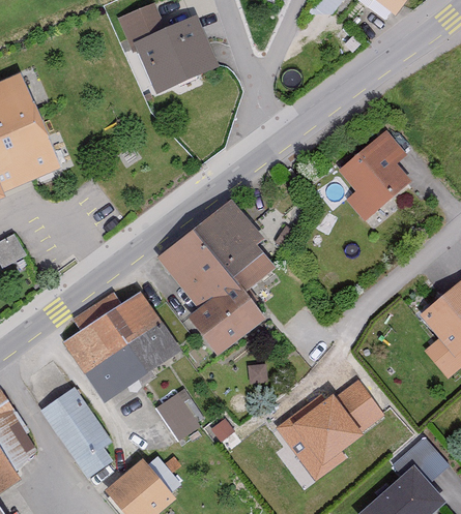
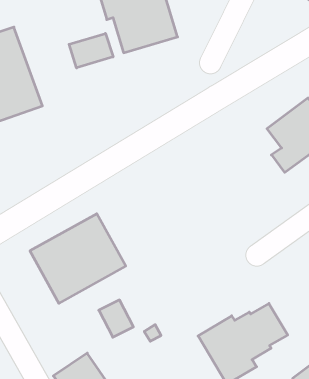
building: none -> [69,33,113,68]
building: [156,200,276,355] -> none
building: [41,389,112,470] -> none

